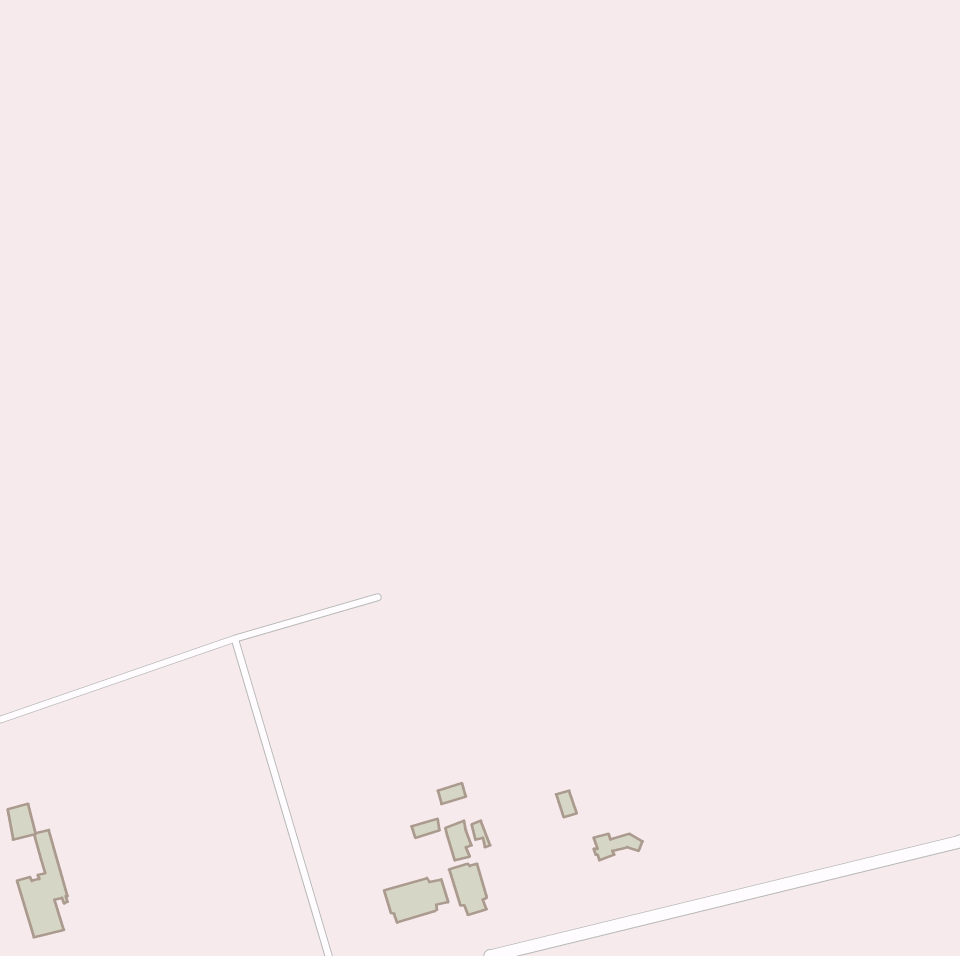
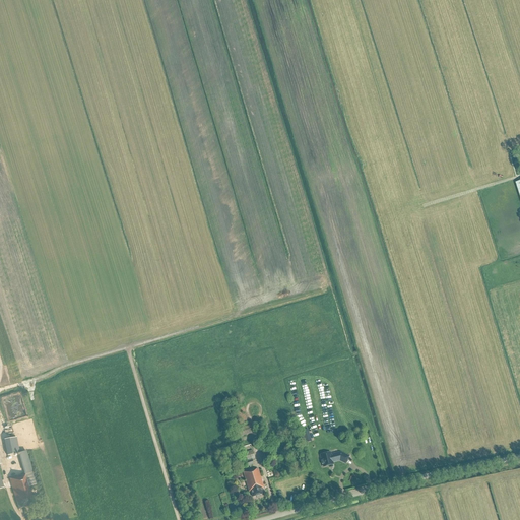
building: [384,878,448,923] -> none

